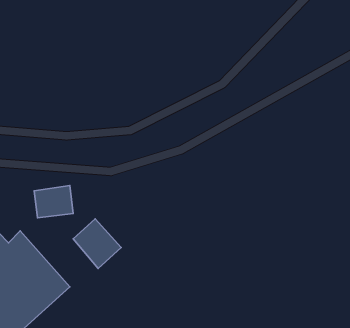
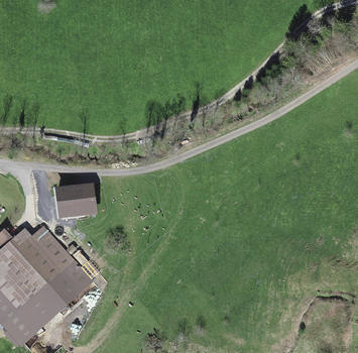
building: [73,219,121,268] -> none

